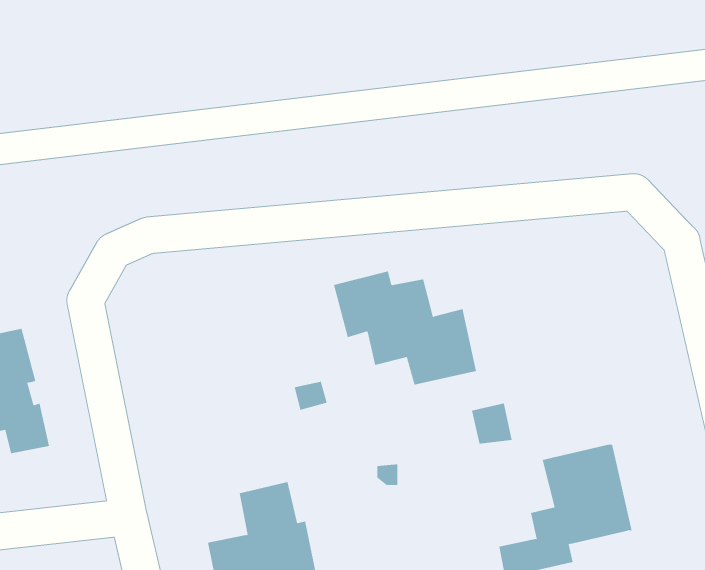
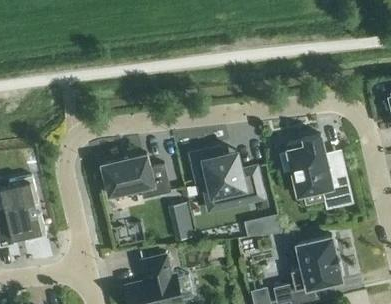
building: none -> [280,136,353,210]
building: none -> [102,155,171,200]

